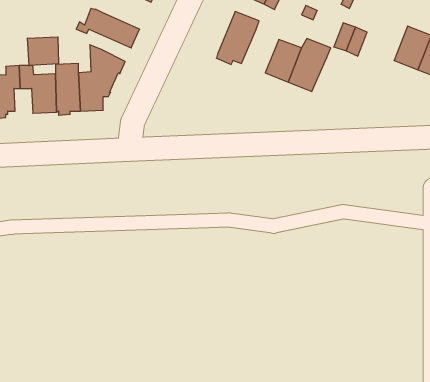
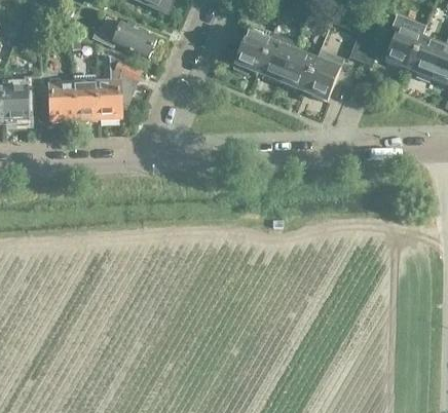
building: none -> [384,21,425,69]
building: none -> [257,39,294,81]
building: [28,37,59,66] -> none

